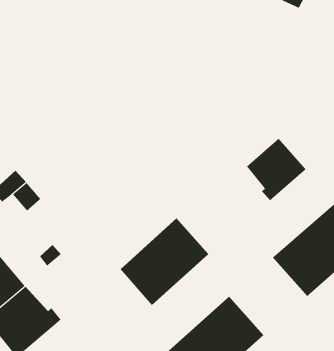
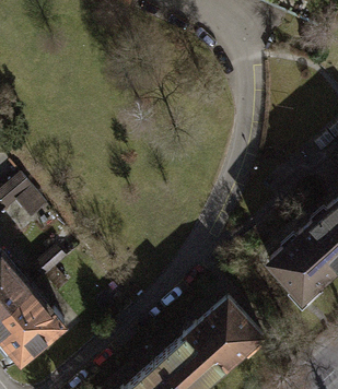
building: [246,138,307,201] -> none
building: [120,217,209,306] -> none

